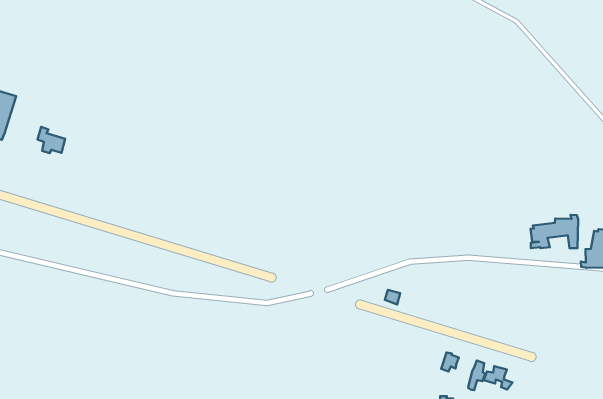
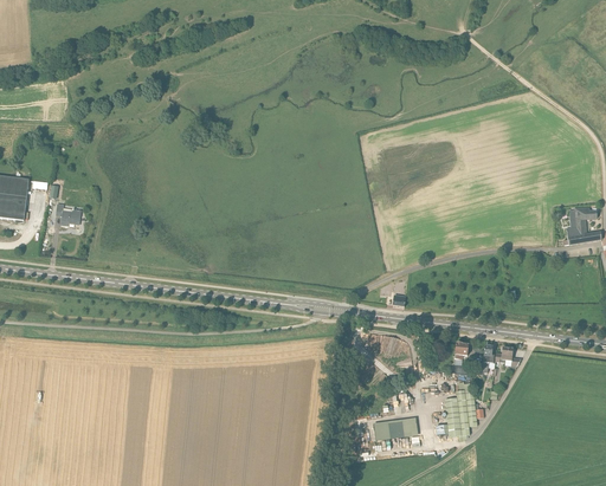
building: [531,215,578,248] -> none

